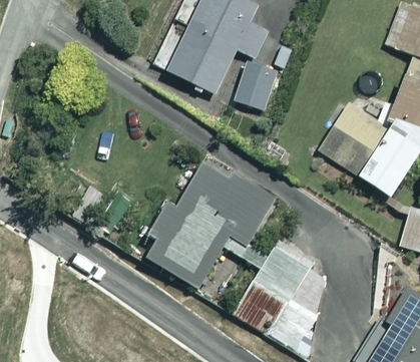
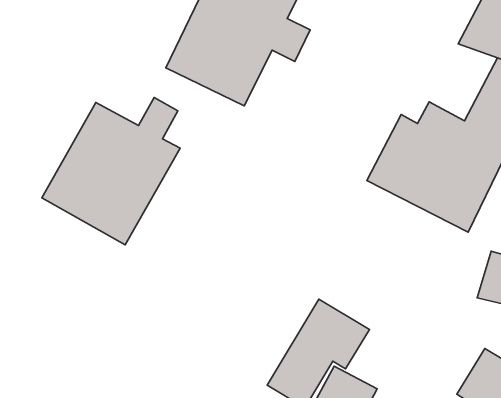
building: [235,62,281,112] -> none
building: none -> [42,97,180,245]
building: [144,159,281,289] -> none

